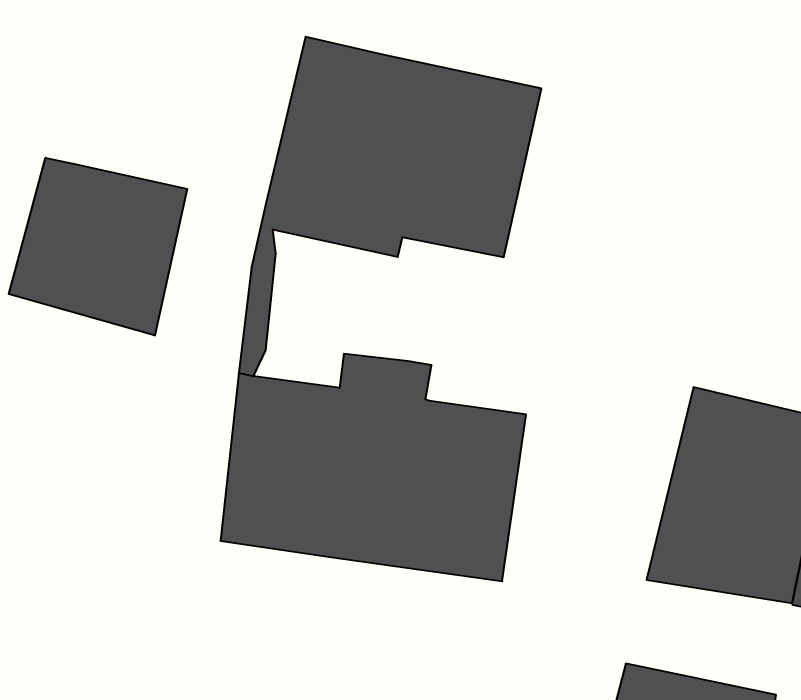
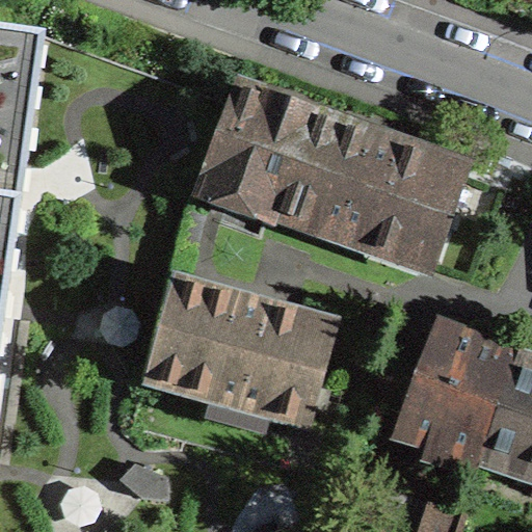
building: none -> [331,140,464,272]
building: [9,158,187,336] -> none

